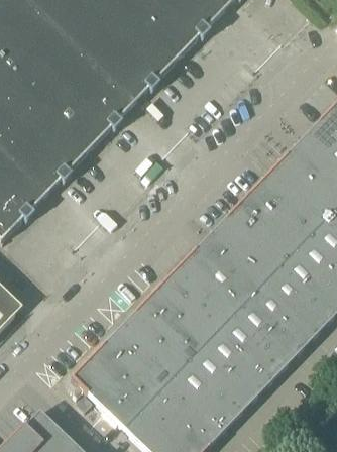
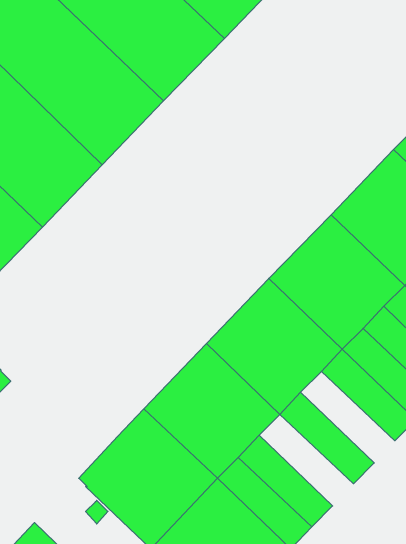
building: [234,299,303,365] -> none
building: [204,330,272,397] -> none

